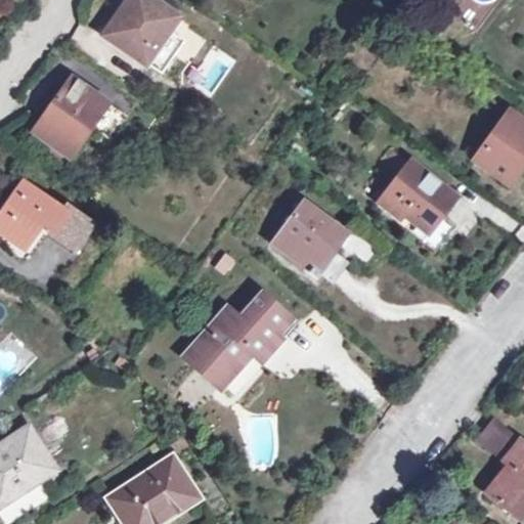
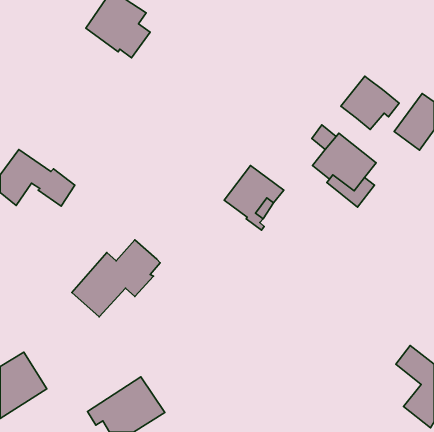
building: [32,76,119,157] -> none
building: none -> [341,76,399,130]
building: [185,293,292,386] -> [72,240,160,317]

